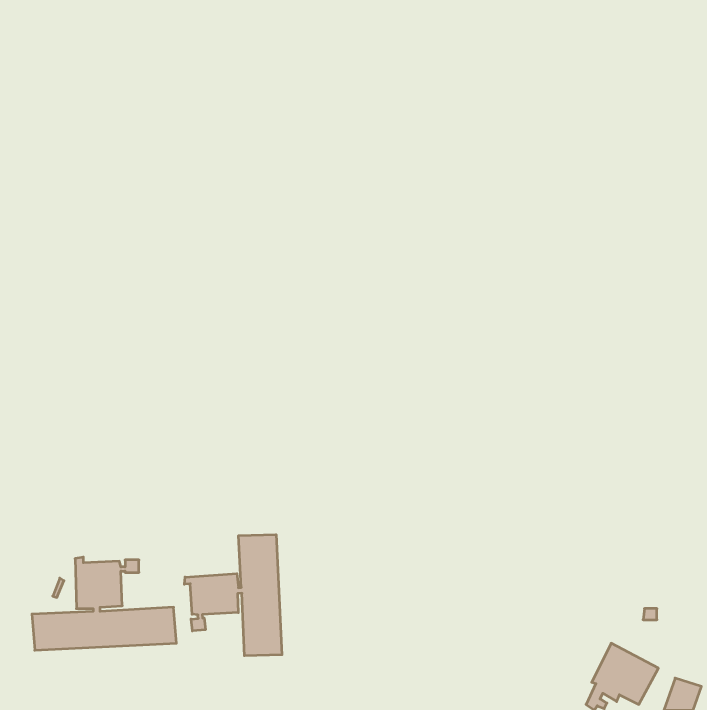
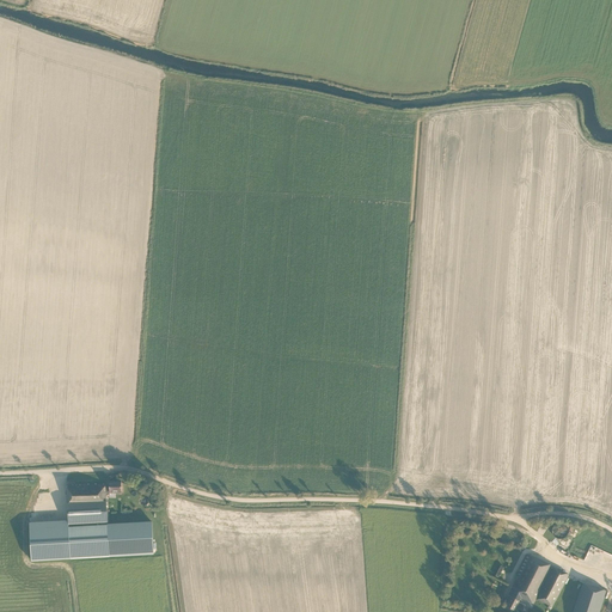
building: [184,535,282,656] -> none

